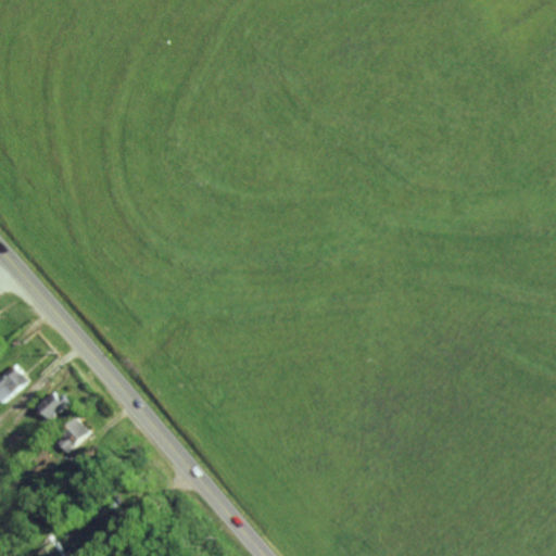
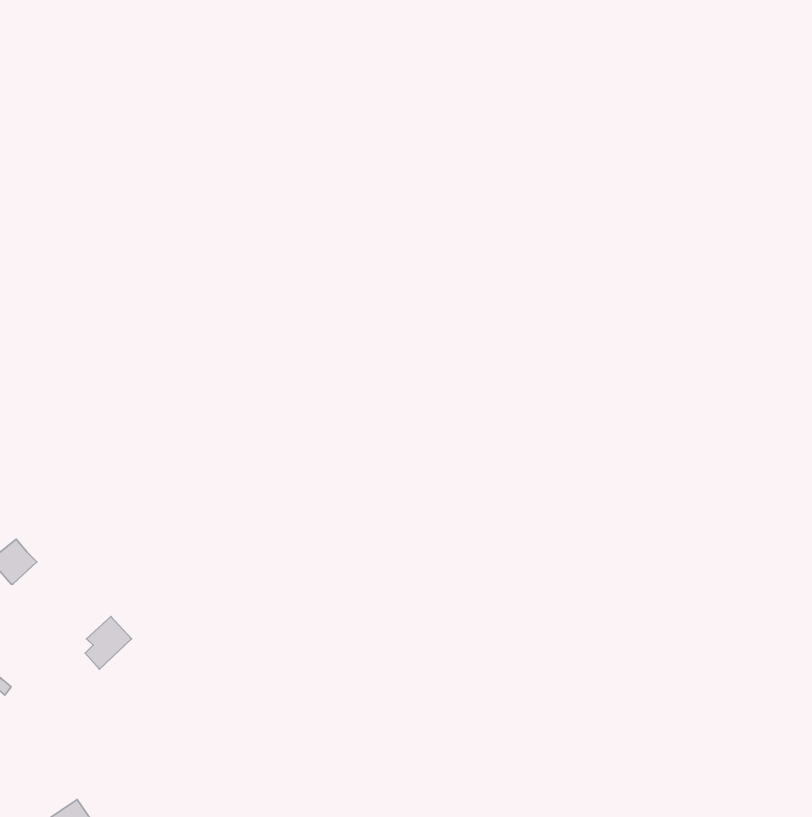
building: [35,392,68,422] -> none

